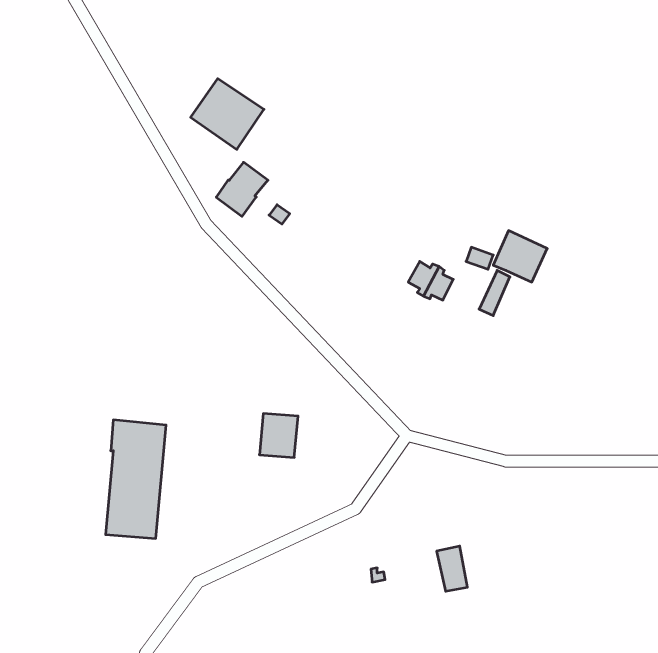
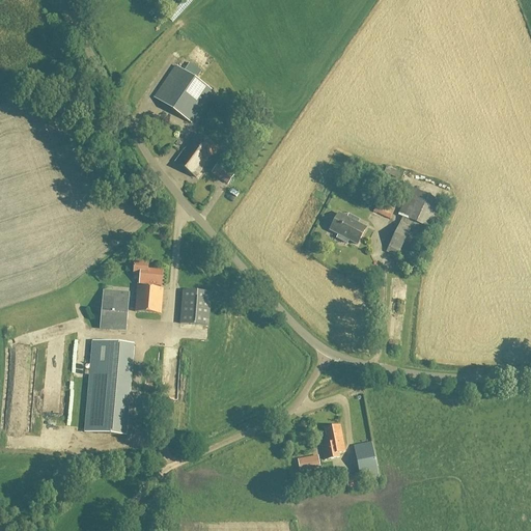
building: none -> [133,259,162,311]
building: none -> [100,287,129,328]
building: [259,414,298,457] -> [179,287,211,323]
building: none -> [320,422,344,457]

